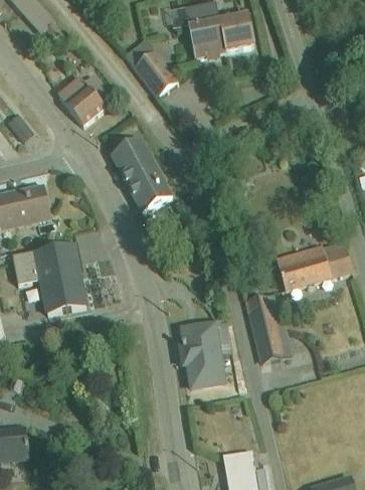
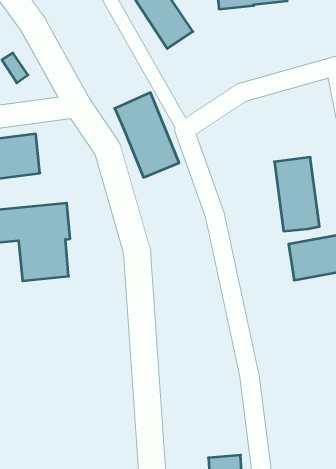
building: [58,74,111,126] -> none
building: [247,294,293,361] -> [274,157,319,231]
building: [181,323,232,387] -> none

